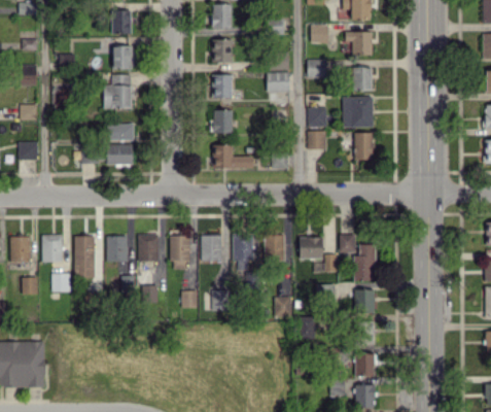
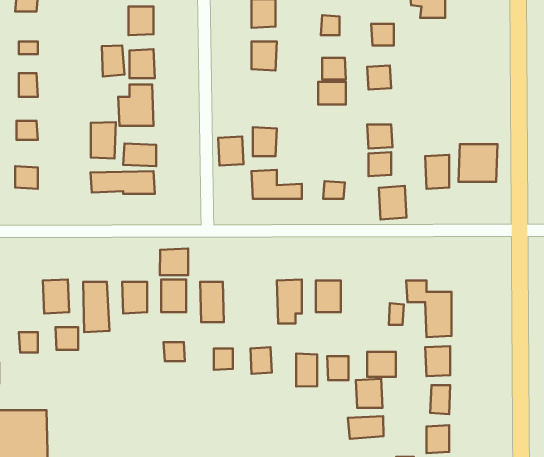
building: [345,31,372,56] -> none
building: none -> [102,46,125,77]
building: [352,67,372,91] -> none
building: [212,74,233,98] -> [218,137,243,166]
building: [342,96,374,127] -> [459,144,498,182]
building: none -> [91,122,116,158]
building: none -> [379,186,407,219]
building: none -> [160,248,188,275]
building: [10,236,30,262] -> none
building: [202,236,222,261] -> none
building: [300,237,323,258] -> [367,352,396,377]
building: none -> [296,354,317,386]
building: none -> [348,416,384,439]

